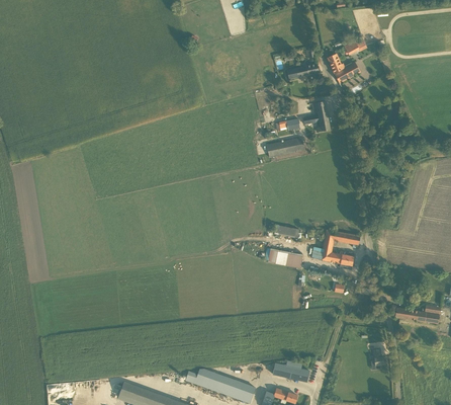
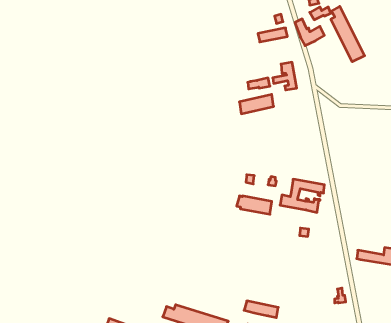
building: none -> [331,6,365,62]

